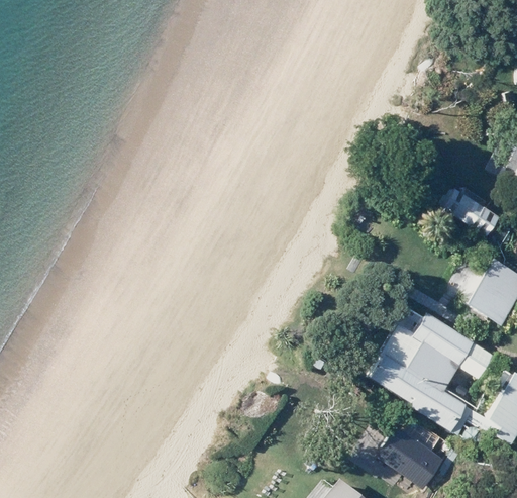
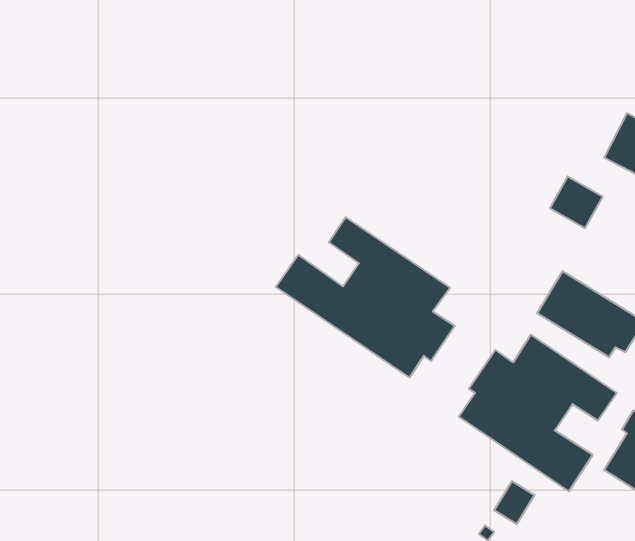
building: none -> [276,217,455,377]

